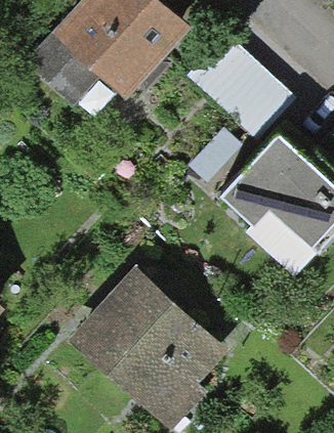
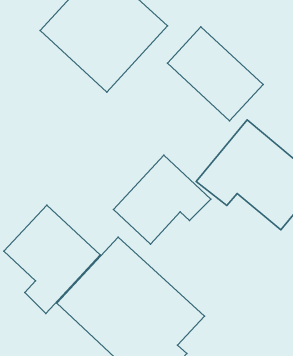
building: none -> [114,155,211,244]
building: none -> [4,205,100,314]

